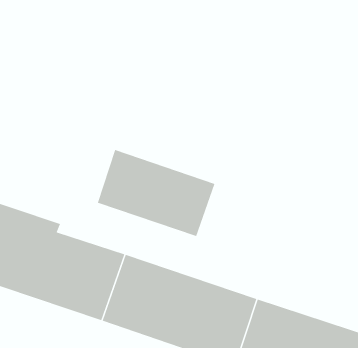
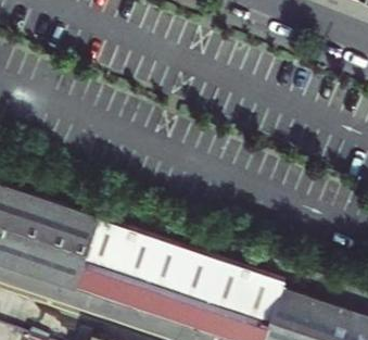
building: [97,149,215,237] -> none

